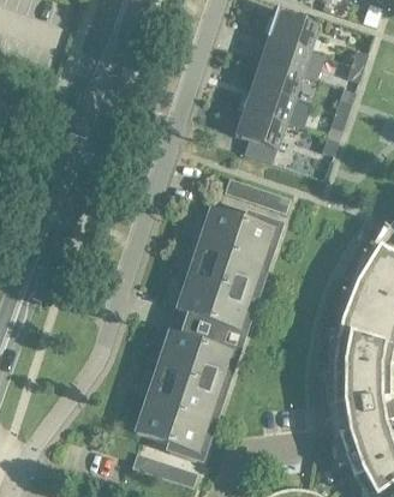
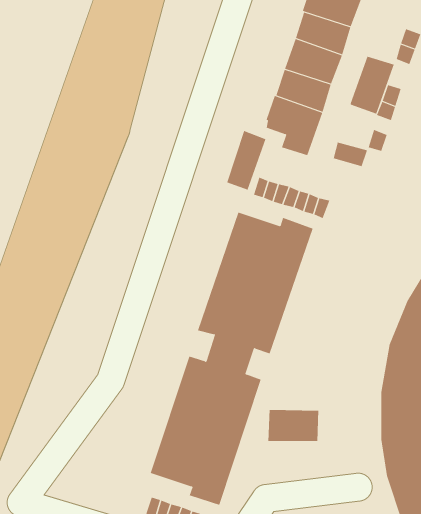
building: none -> [350,56,394,114]
building: none -> [226,130,266,191]
building: none -> [268,409,319,442]

